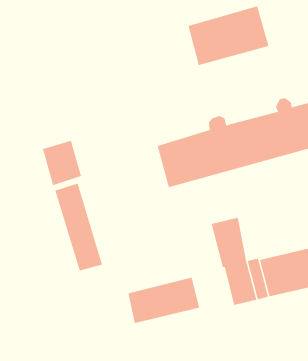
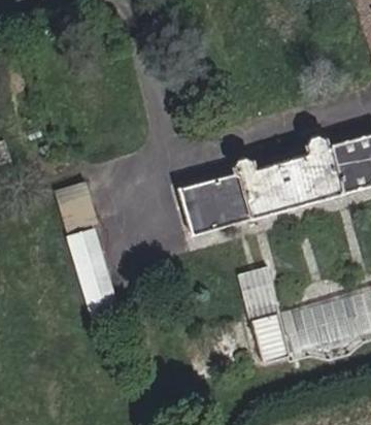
building: [188,5,269,66] -> none
building: [128,277,200,324] -> none

